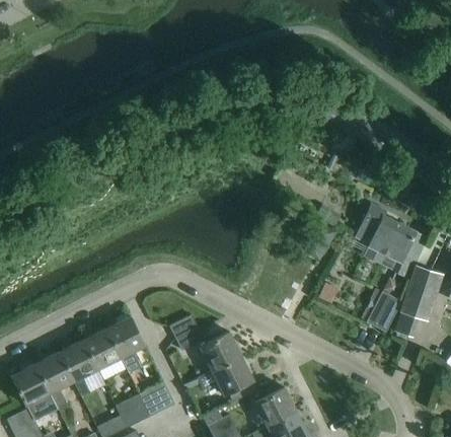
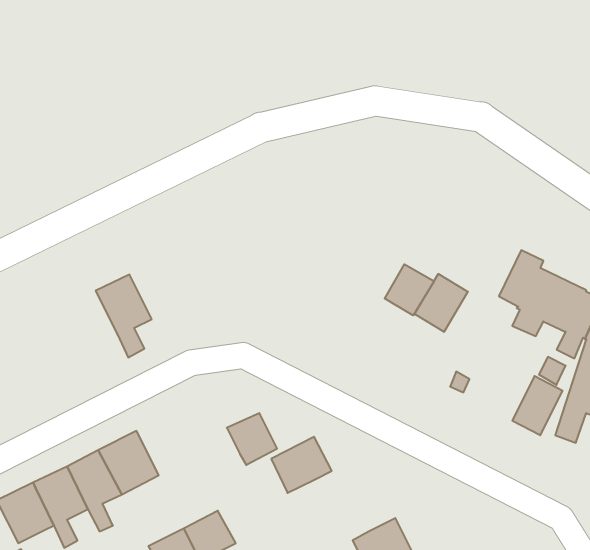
building: none -> [385,264,434,315]
building: [107,316,146,373] -> [96,275,152,357]
building: [196,355,256,402] -> none

